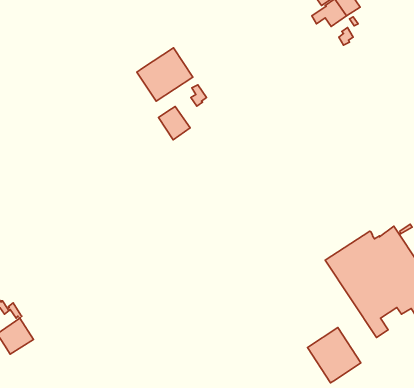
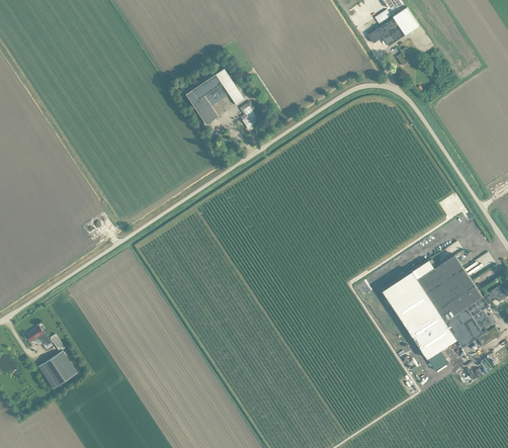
building: [158,106,190,140] -> none
building: [307,327,361,383] -> none

